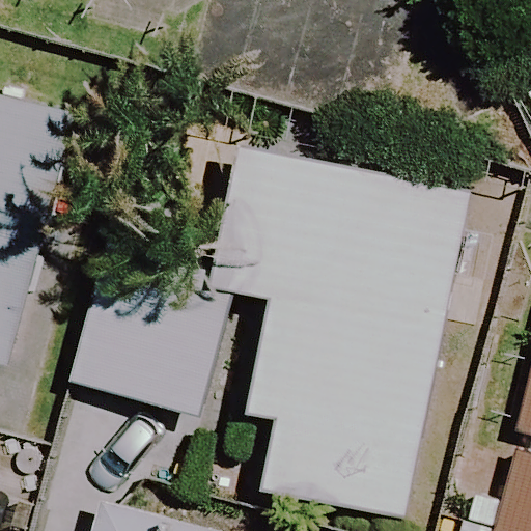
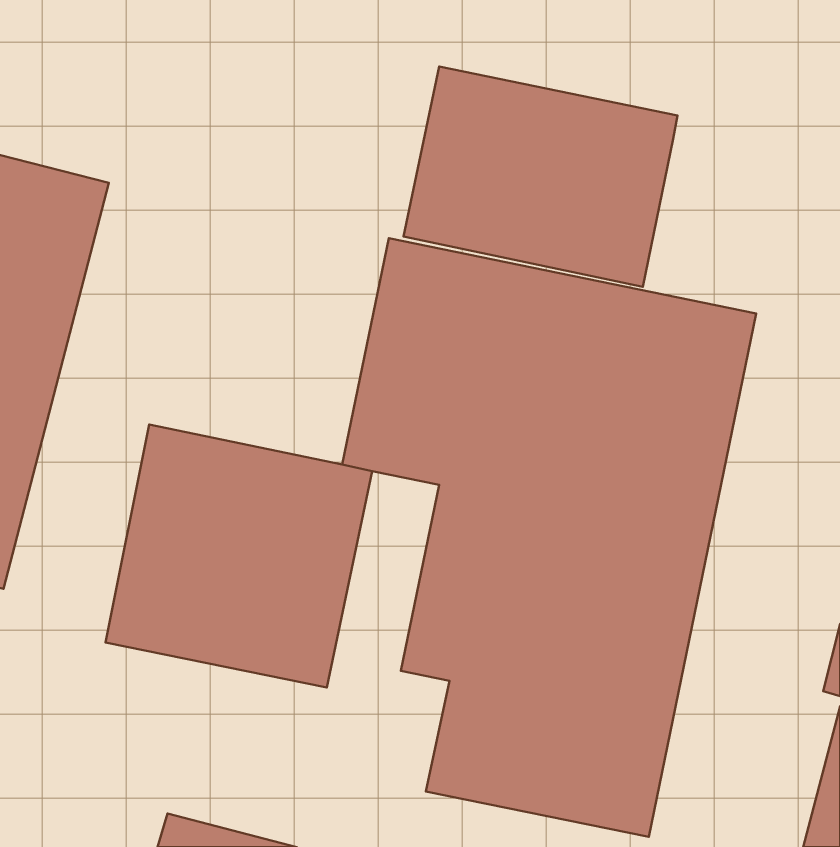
building: none -> [403,67,678,287]

